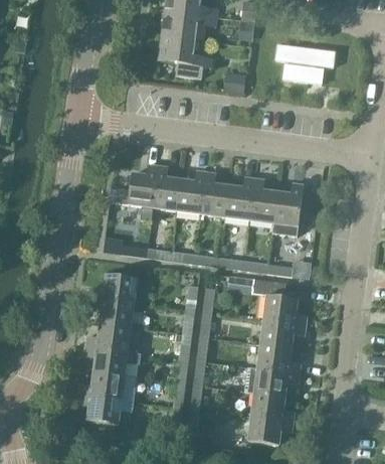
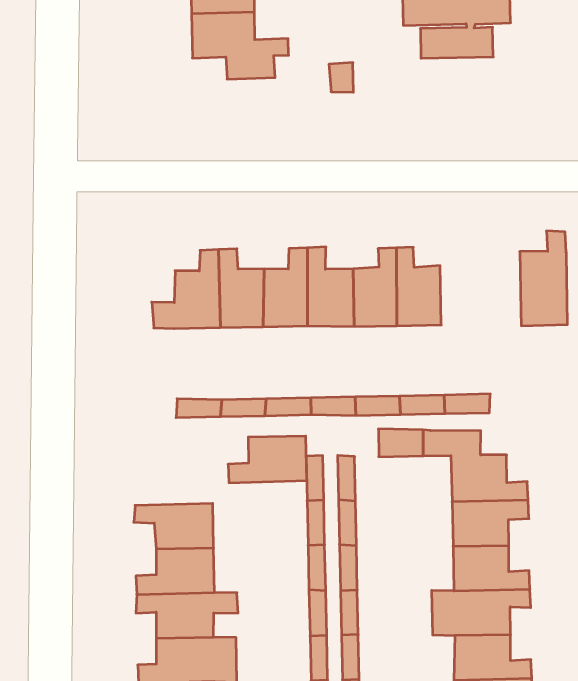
building: [270,183,302,236] -> [520,231,567,326]
building: [91,275,137,303] -> [228,436,307,483]

